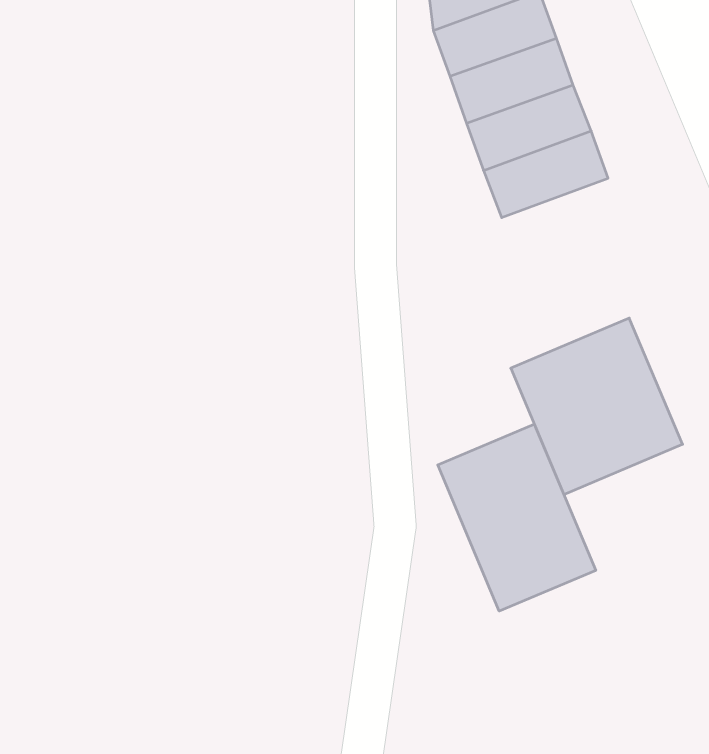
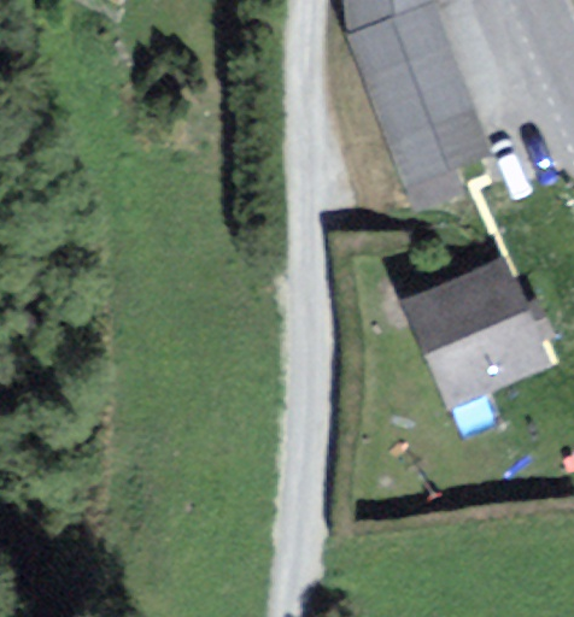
building: [438,424,596,611] -> none

